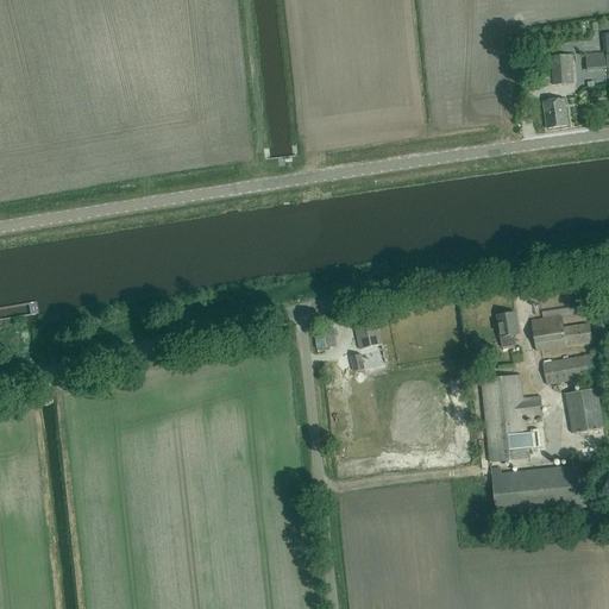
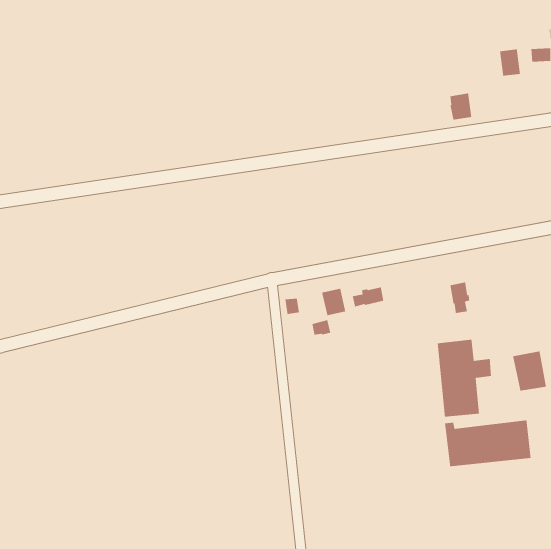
building: [544,96,569,127] -> [450,93,472,121]
building: [532,314,592,350] -> none
building: none -> [352,286,384,308]
building: [542,353,596,384] -> none

